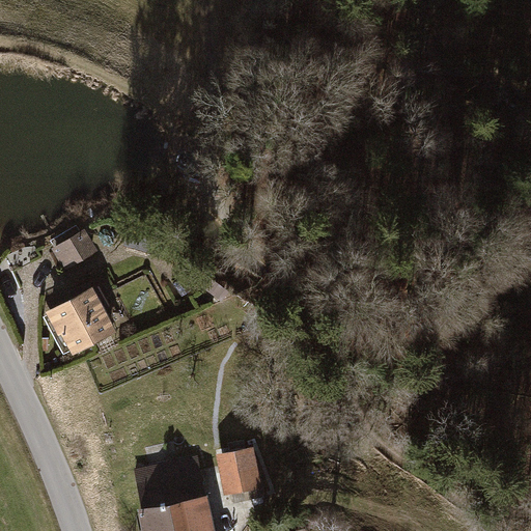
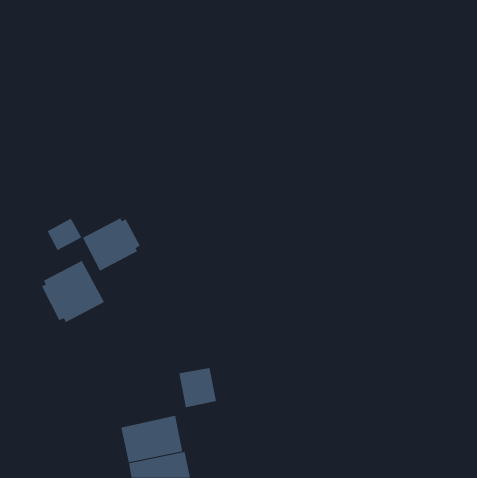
building: none -> [82,218,140,272]
building: [218,450,260,495] -> [178,368,217,408]

